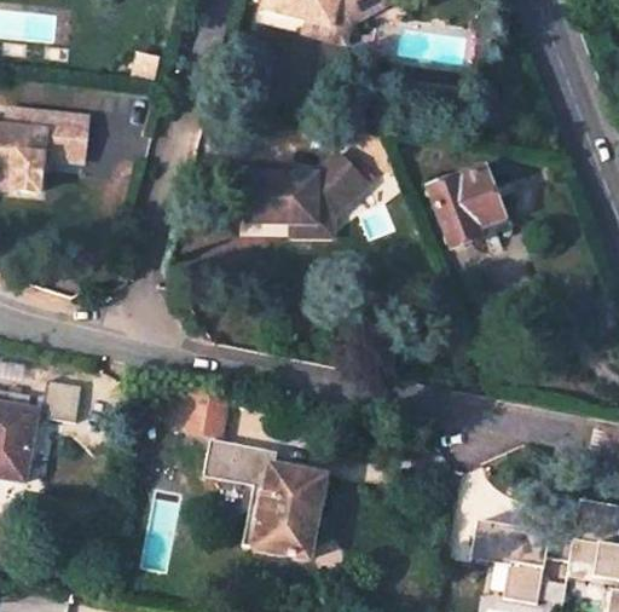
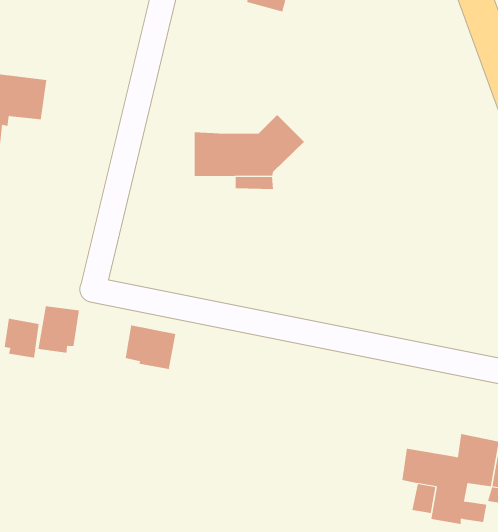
building: [429,167,497,239] -> none
building: none -> [38,305,80,354]
building: [208,438,331,559] -> none

